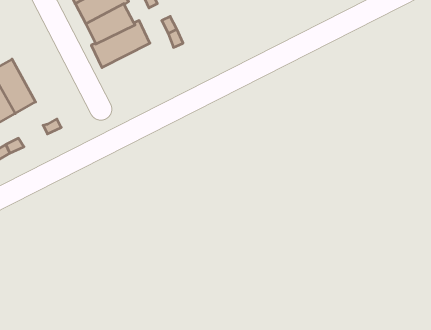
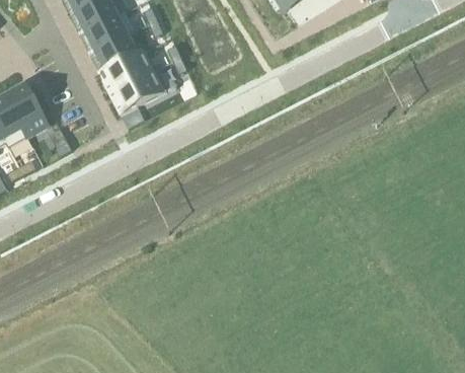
building: none -> [109,69,165,113]

